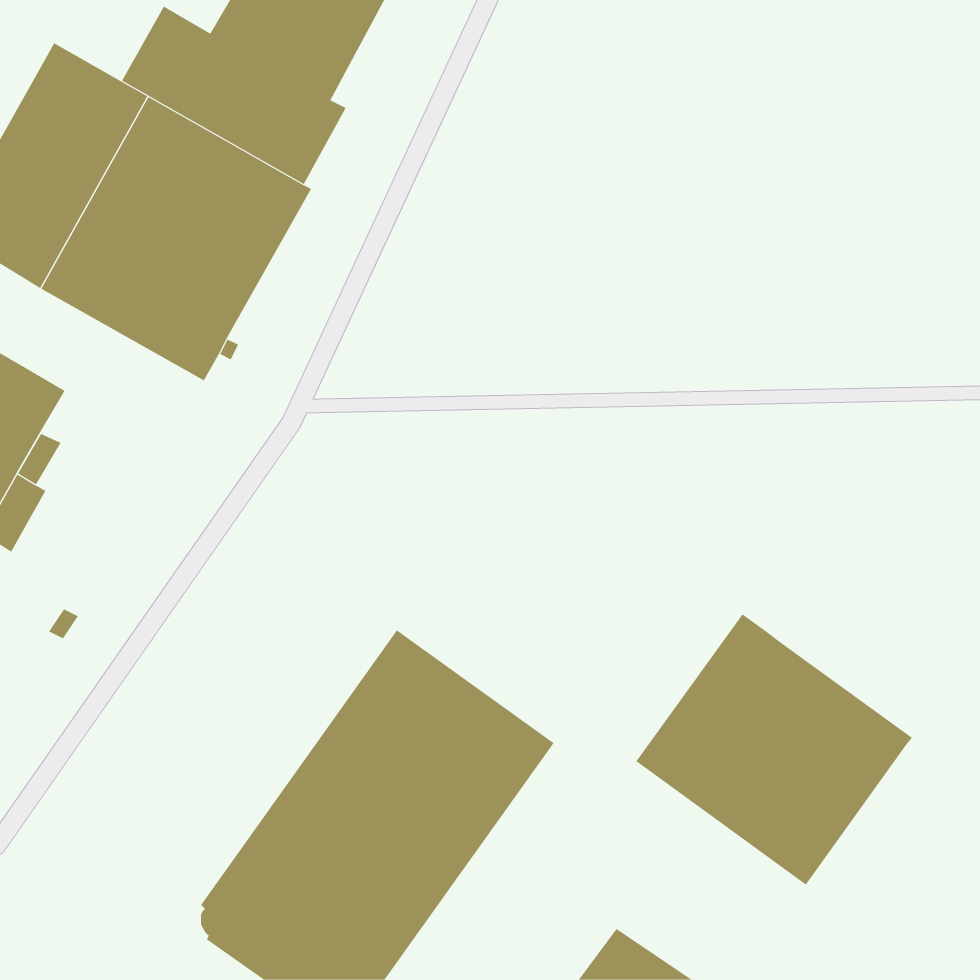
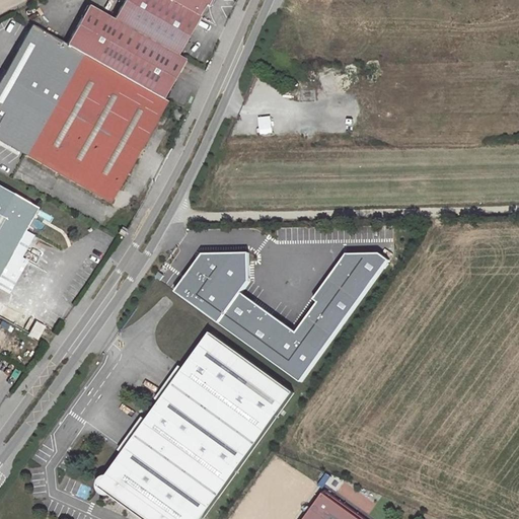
building: none -> [175,253,386,382]
building: [636,613,913,886] -> none

